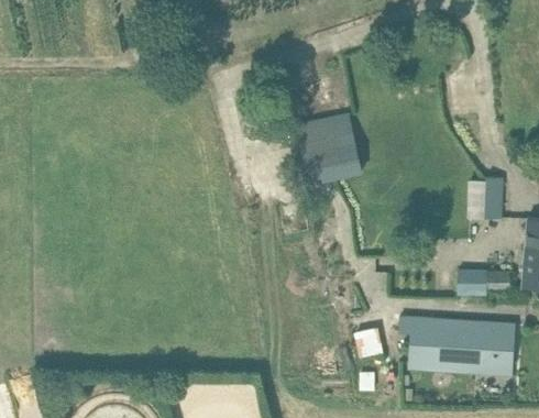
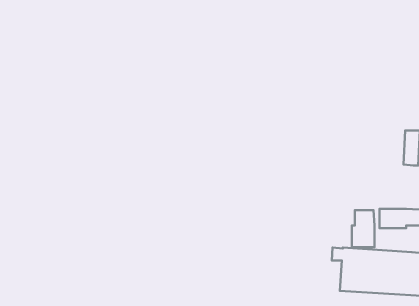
building: [292,112,359,185] -> none
building: none -> [352,210,374,247]

